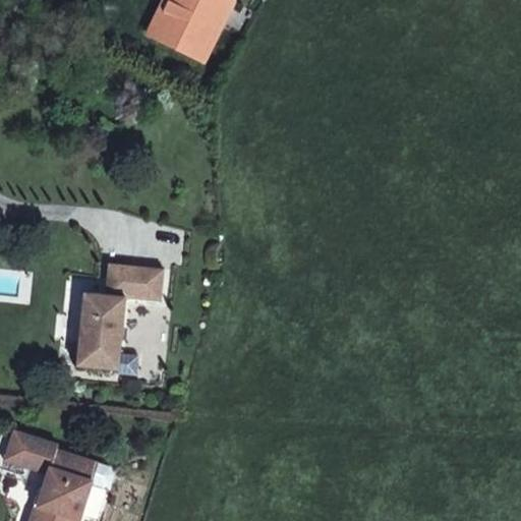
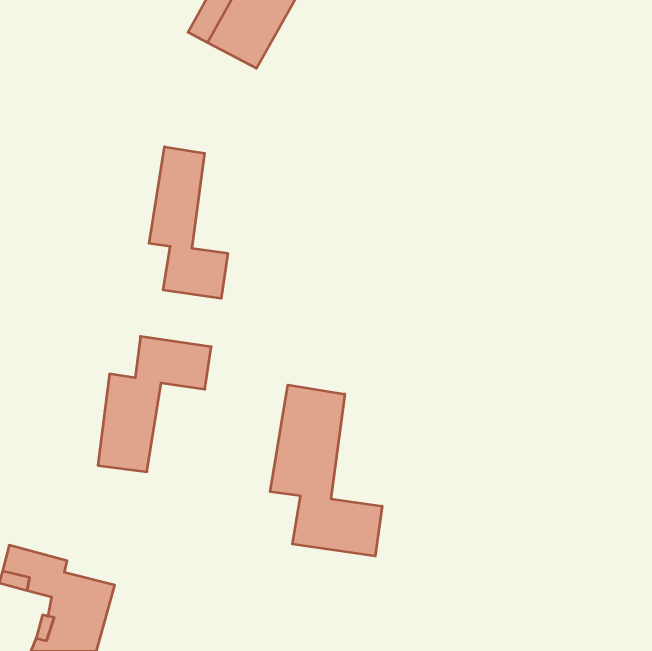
building: none -> [149,147,228,298]
building: none -> [270,385,382,556]

